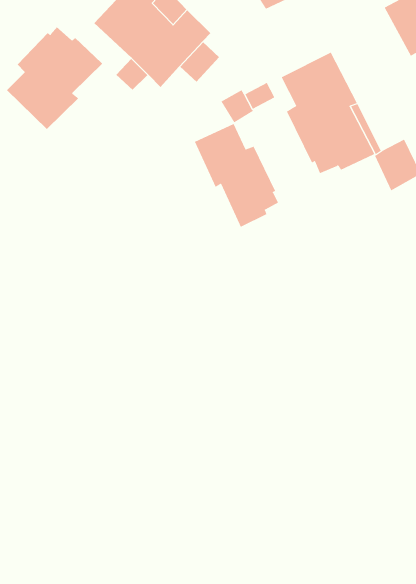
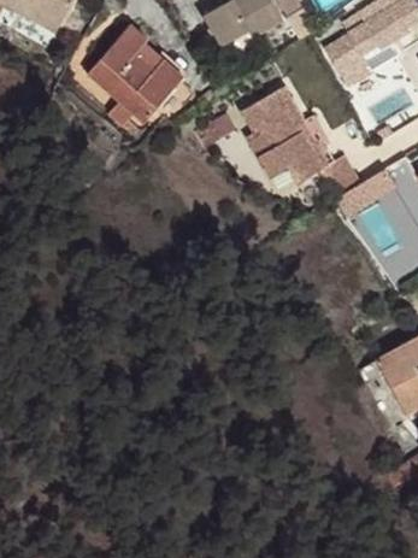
building: [6,26,104,130] -> none
building: [194,123,279,228] -> none

